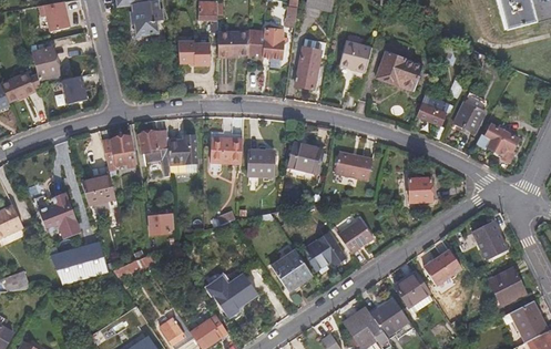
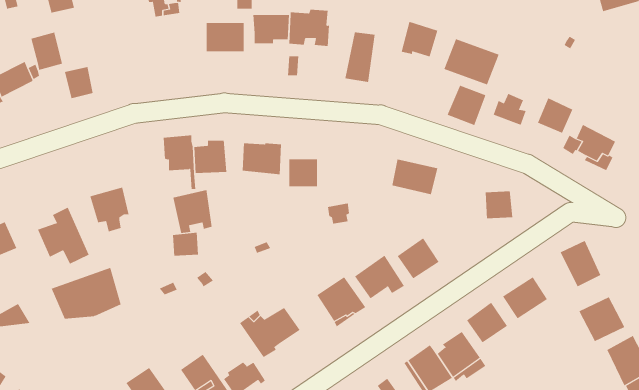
building: none -> [447,85,486,126]
building: [102,134,135,171] -> [173,190,213,234]
building: [287,142,323,173] -> none

